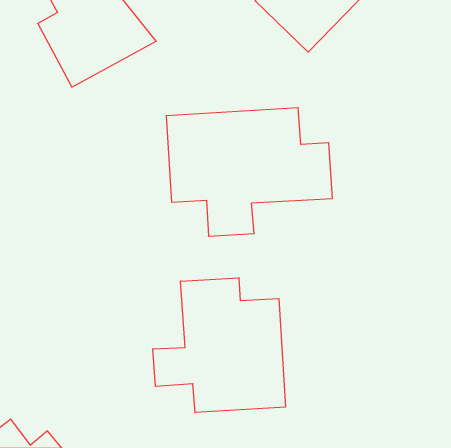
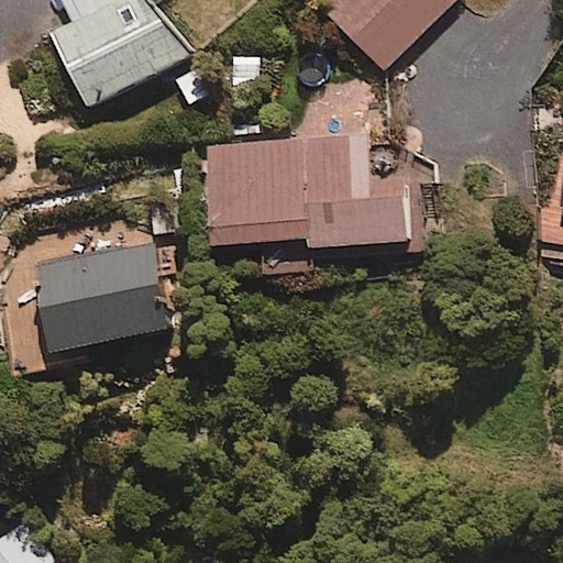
building: none -> [29,241,170,363]
building: [153,278,285,413] -> none

